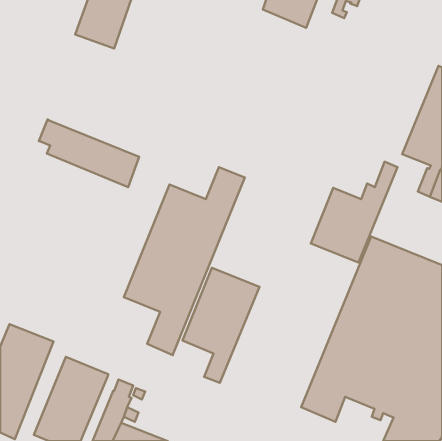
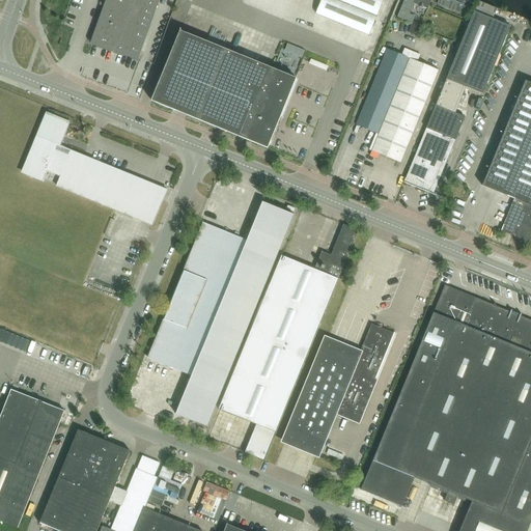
building: none -> [403,9,510,193]
building: none -> [152,30,296,147]
building: none -> [356,47,439,161]
building: none -> [23,112,68,179]
building: [311,162,397,262] -> [254,223,358,343]
building: none -> [284,326,395,452]

